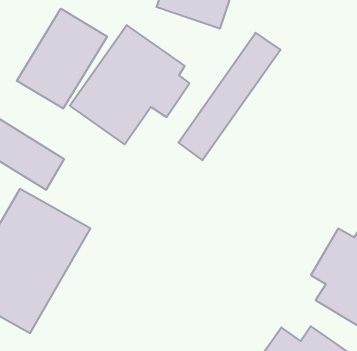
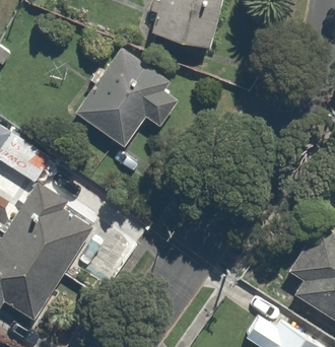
building: [17,9,107,109] -> none
building: [179,33,281,160] -> none

